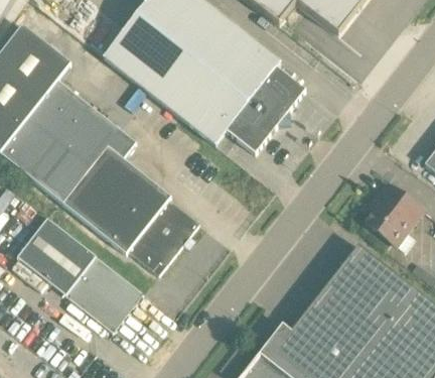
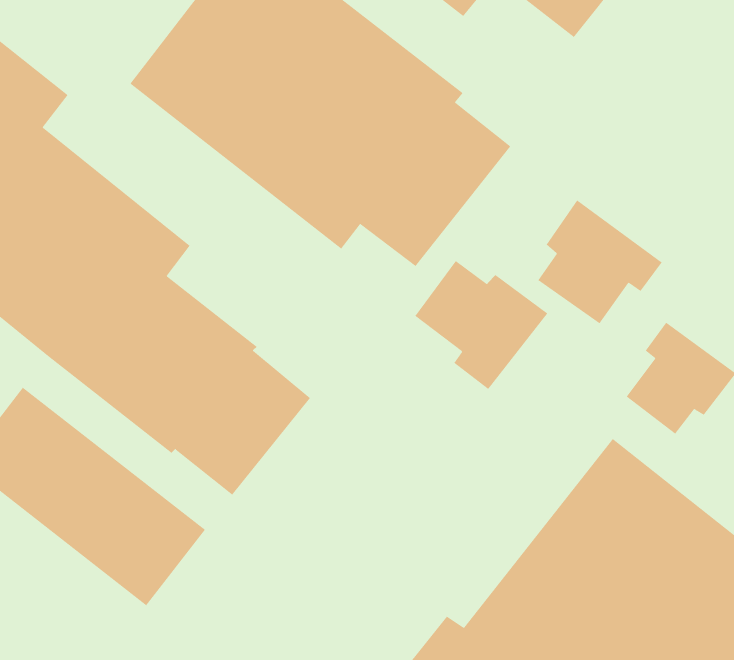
building: none -> [538,200,662,324]
building: none -> [414,260,548,390]

